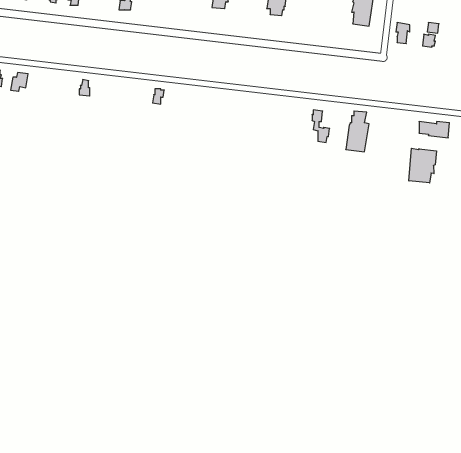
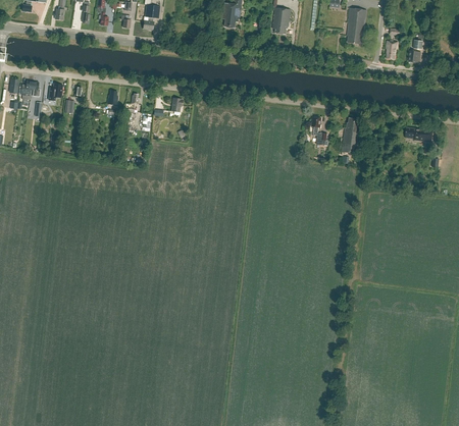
building: [409,148,436,183] -> none

